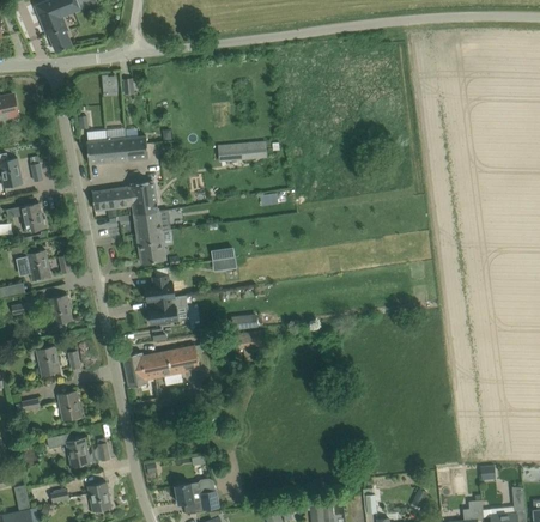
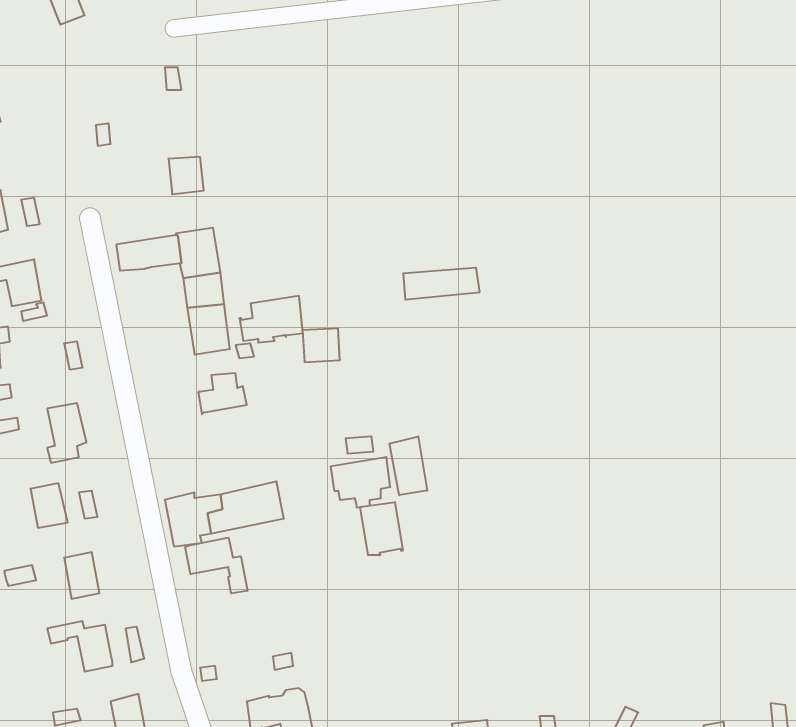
building: [87,138,128,164] -> none
building: [219,141,268,162] -> [403,268,480,300]
building: [26,249,51,279] -> none
building: [148,295,189,324] -> [239,296,303,343]
building: none -> [390,436,427,495]
building: none -> [360,502,403,555]
building: none -> [185,538,247,593]

